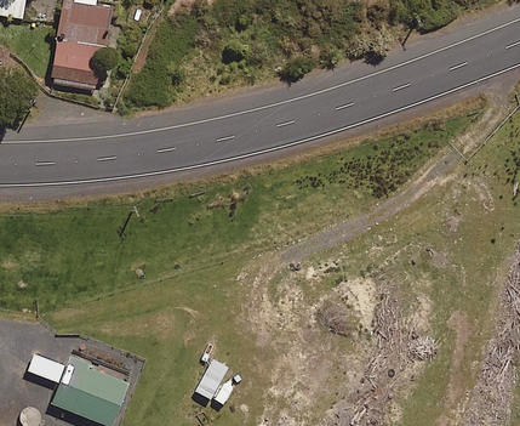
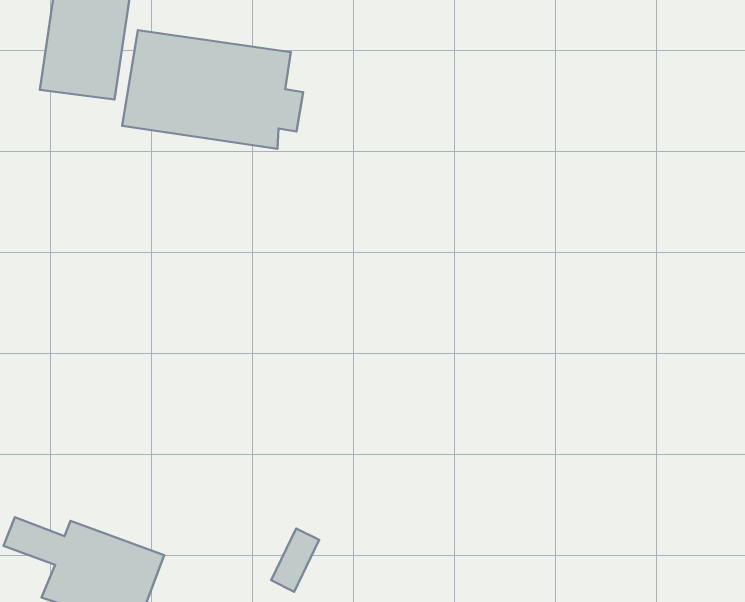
building: none -> [122,30,303,149]

